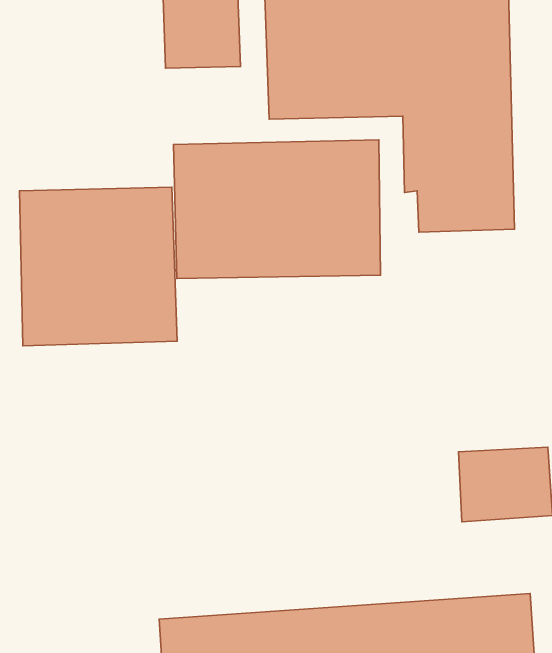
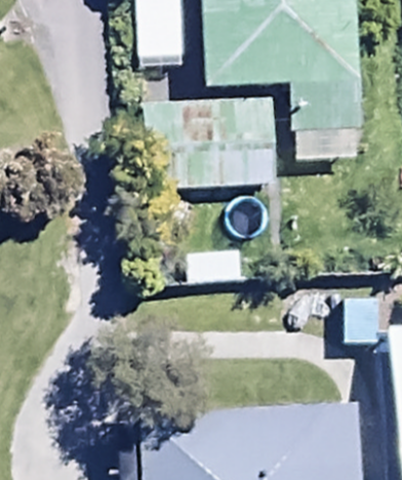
building: [19,187,177,346] -> none

